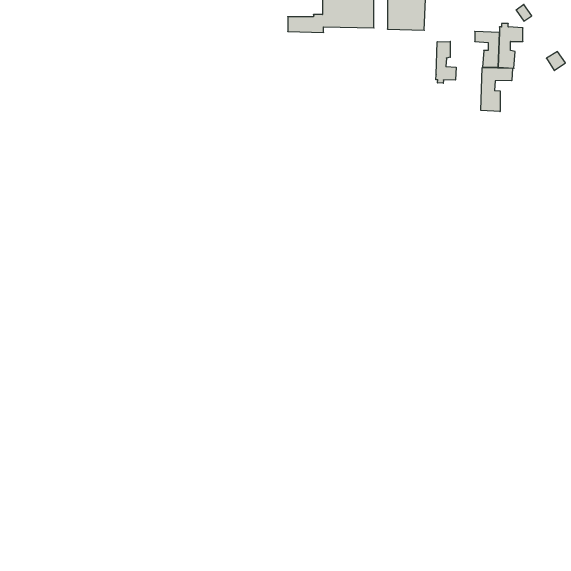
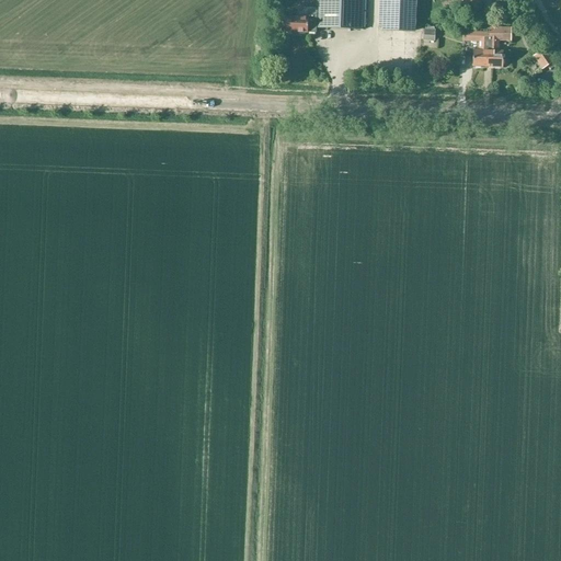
building: [436,41,456,83] -> none
building: [481,68,513,112] -> none

